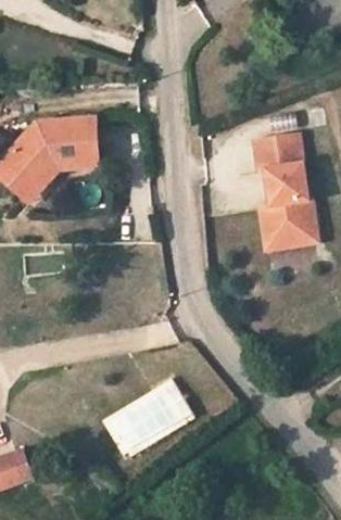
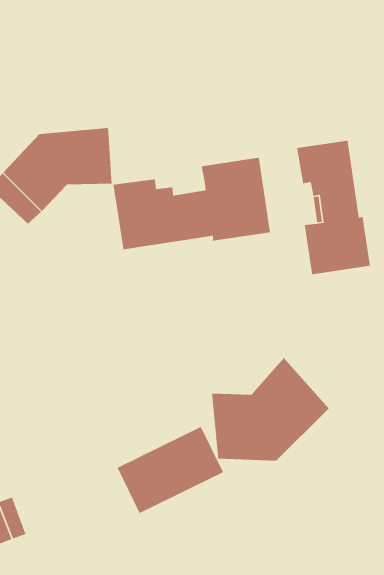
building: none -> [113,157,271,250]
building: none -> [211,357,330,462]

